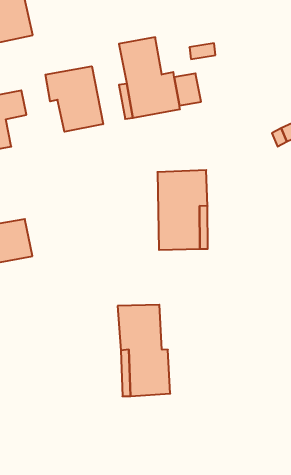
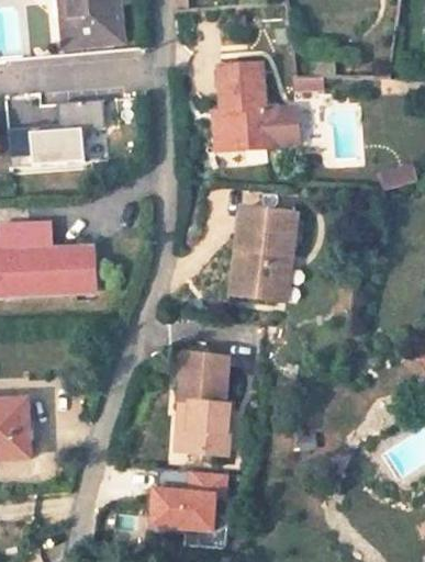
building: [45,66,103,132] -> none
building: none -> [150,471,227,530]

